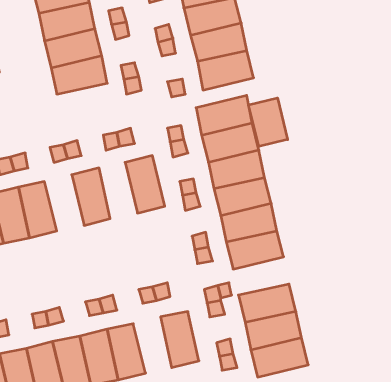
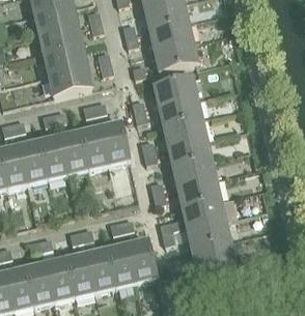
building: none -> [48,65,91,94]
building: [249,98,288,147] -> none
building: none -> [80,125,109,168]
building: none -> [38,135,68,177]
building: none -> [182,197,224,226]
building: none -> [106,242,135,285]

